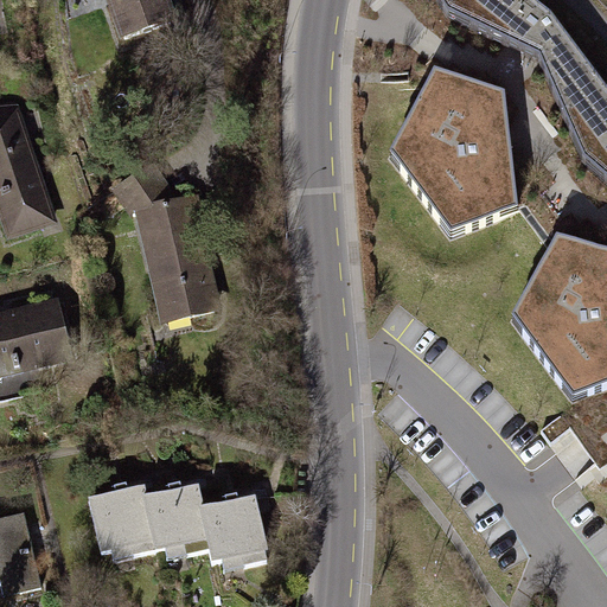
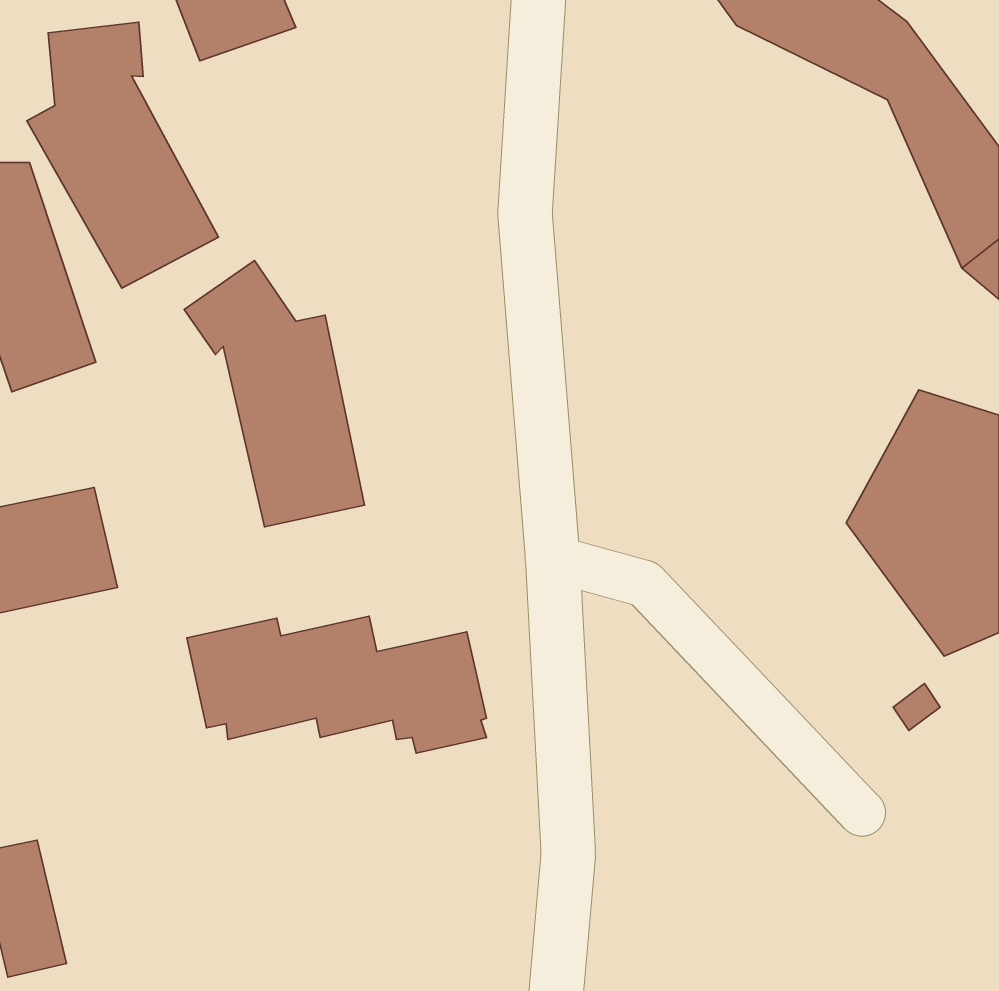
building: none -> [27,22,218,288]
building: [389,71,517,234] -> none
building: [88,483,269,566] -> [187,616,487,753]

